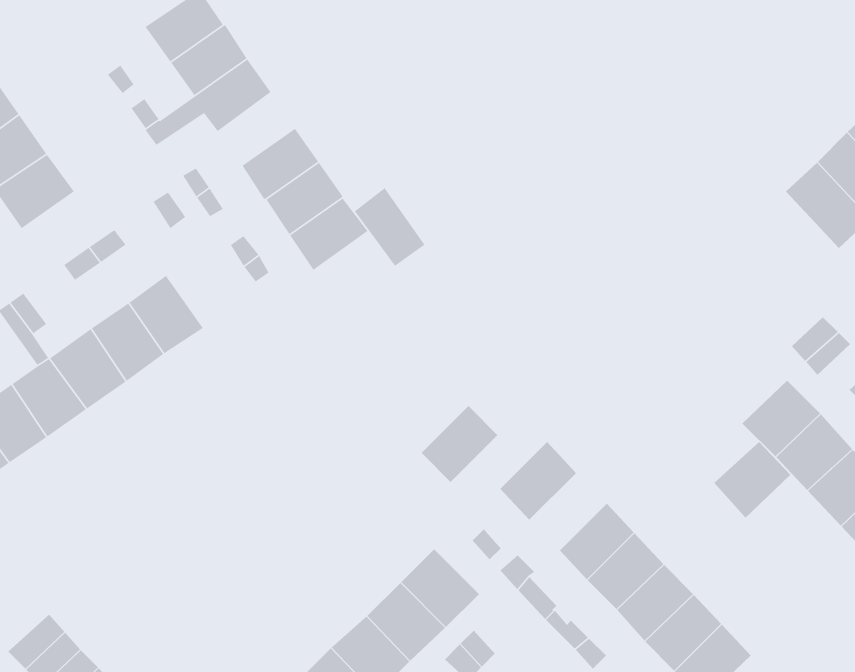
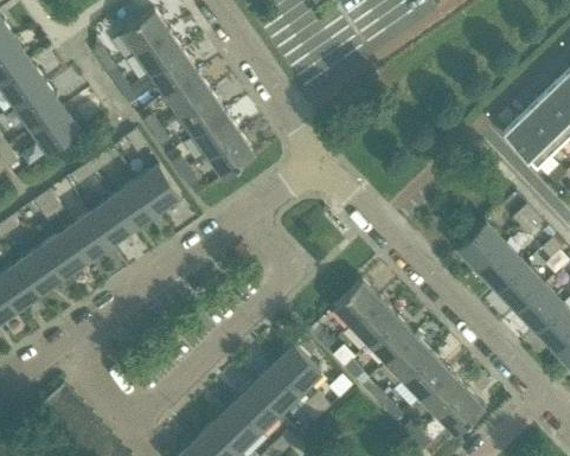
building: none -> [165,73,211,117]
building: [354,187,426,267] -> none
building: none -> [134,166,180,214]
building: [421,405,498,483] -> [351,301,397,347]
building: [714,441,791,518] -> [459,225,505,271]

